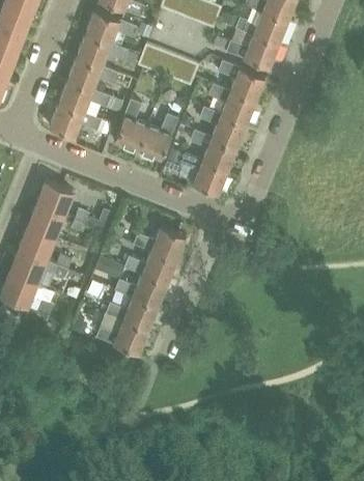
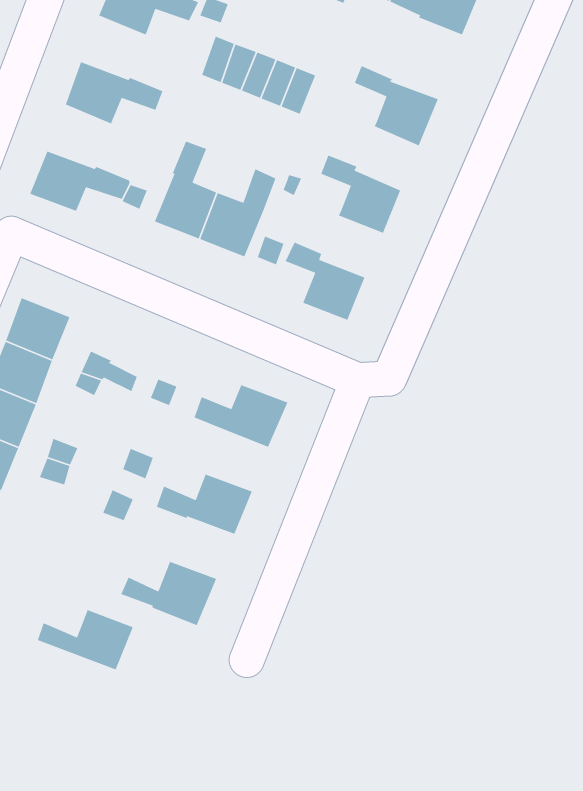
building: [77,33,130,66] -> none
building: [227,34,277,67] -> none
building: [59,80,112,113] -> none
building: [211,83,254,124] -> none
building: [192,129,235,170] -> none
building: [127,250,175,282] -> none
building: [107,295,158,328] -> [37,609,134,670]

